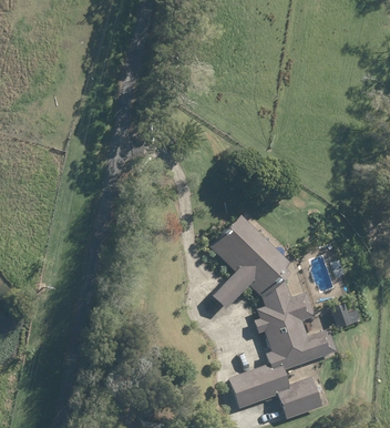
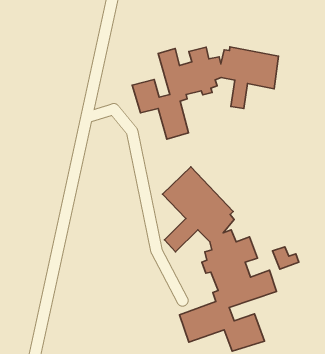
building: none -> [132,47,278,139]

